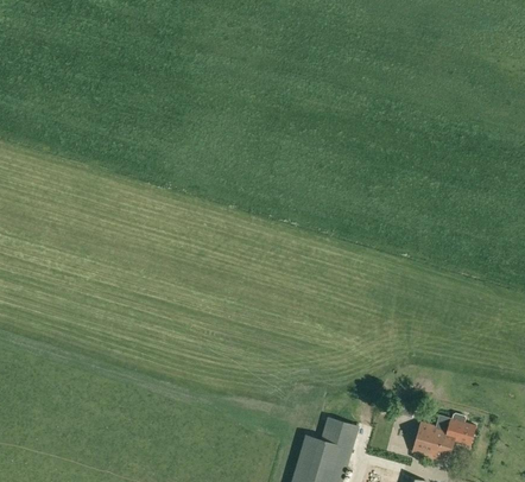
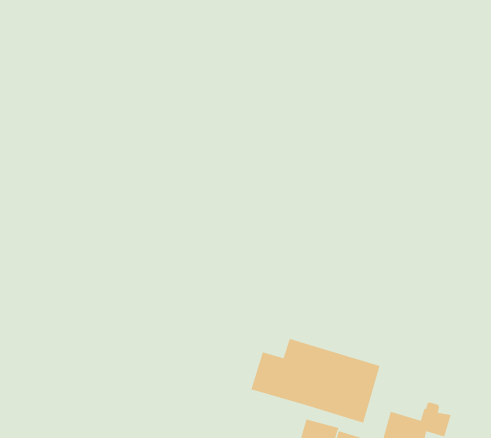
building: none -> [251,338,380,423]

